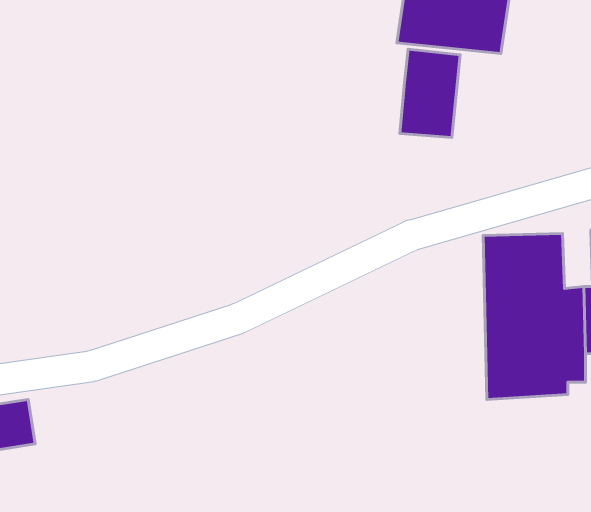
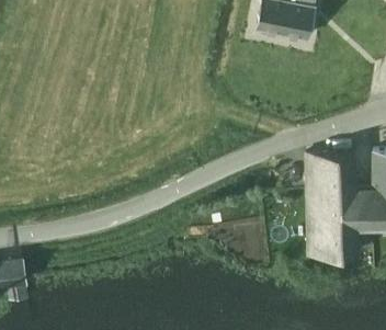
building: [400,49,460,138] -> none

